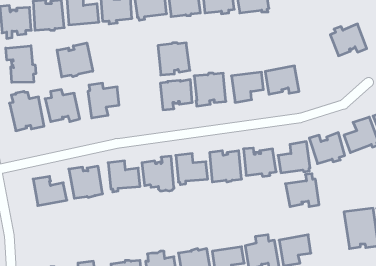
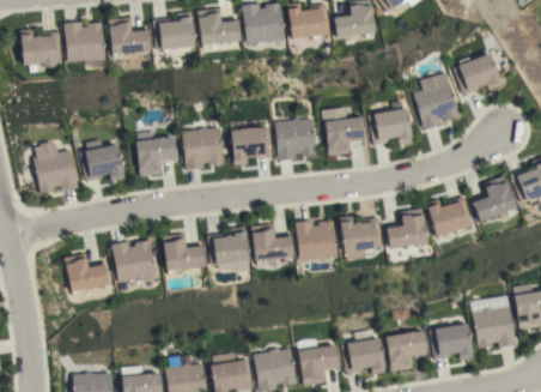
building: none -> [413,72,461,129]
building: [158,43,190,75] -> [183,127,225,169]
building: [57,43,93,77] -> none
building: [6,46,36,82] -> none
building: [285,174,319,207] -> [430,316,474,360]

